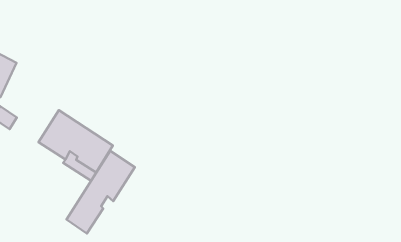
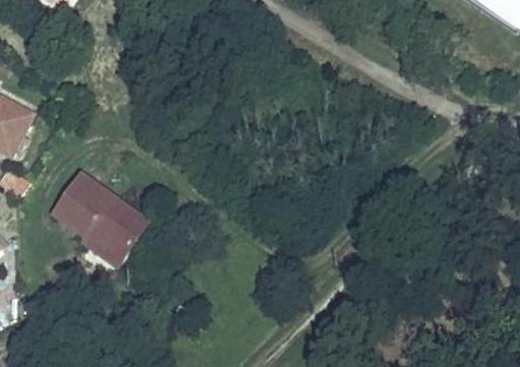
building: [67,151,135,234] -> none

